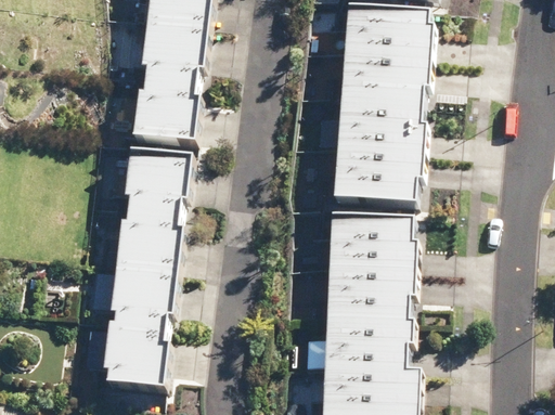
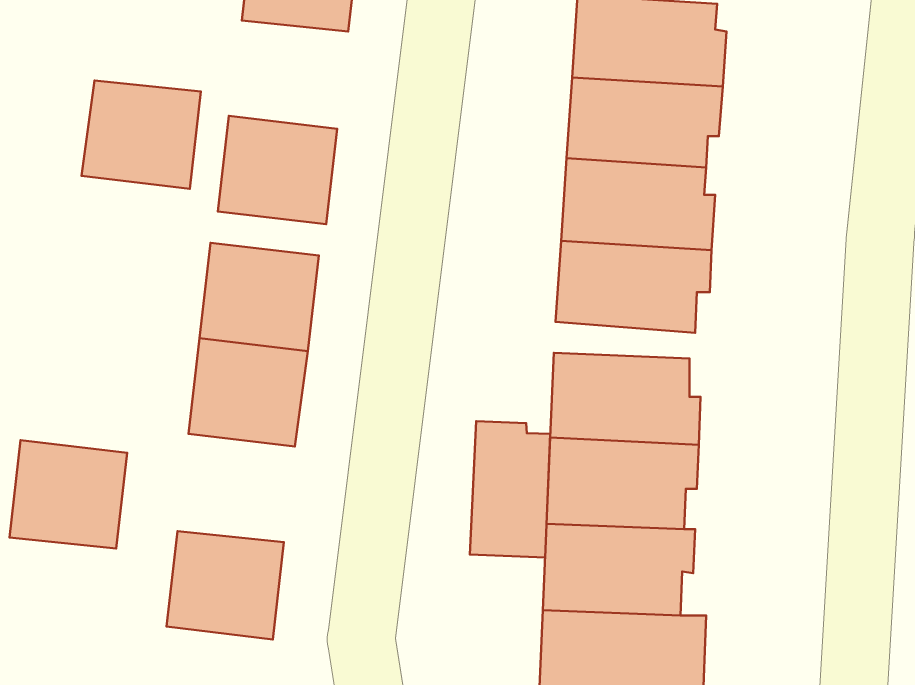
building: [139,18,209,82] -> [82,80,201,189]
building: none -> [470,421,550,558]
building: [108,262,178,326] -> [10,440,127,548]

